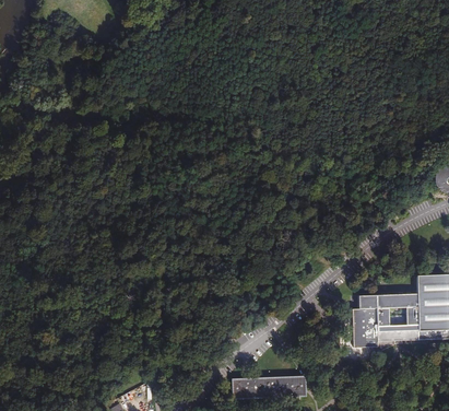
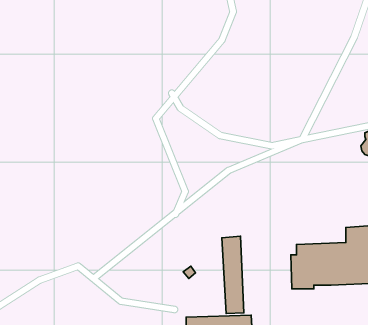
building: none -> [222,236,244,313]

